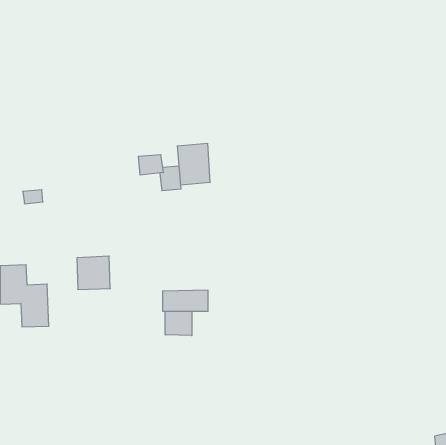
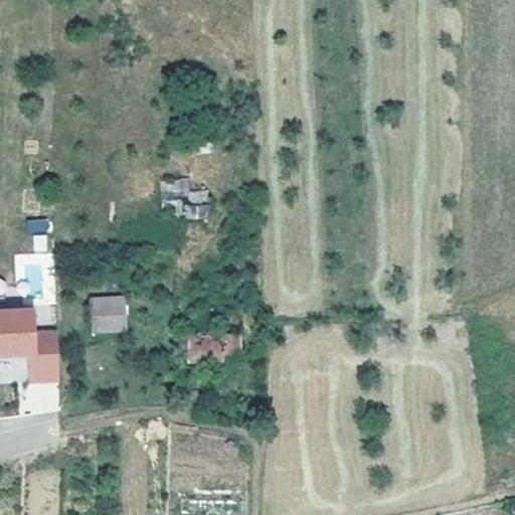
building: [178,143,210,185] -> none
building: [165,311,192,336] -> none

